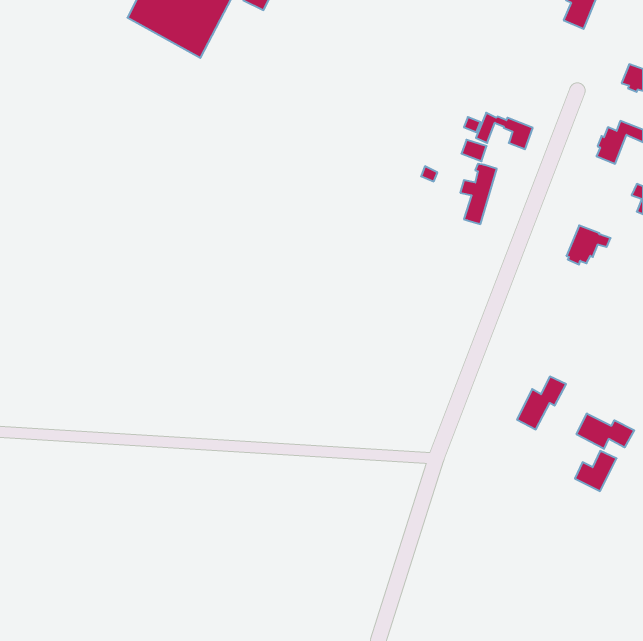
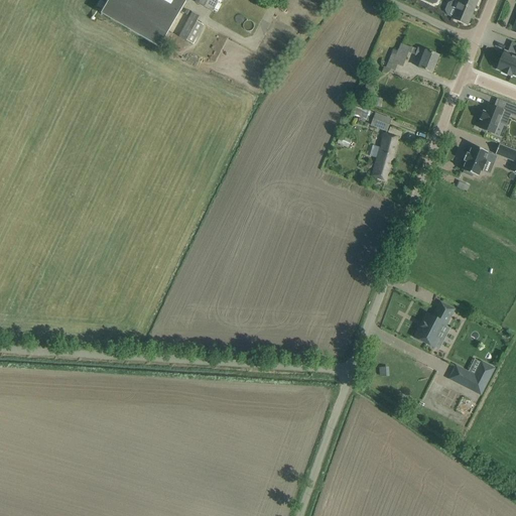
building: [476,113,533,149] -> [392,41,437,71]
building: [566,225,611,265] -> [461,144,496,175]
building: [577,413,634,449] -> none

